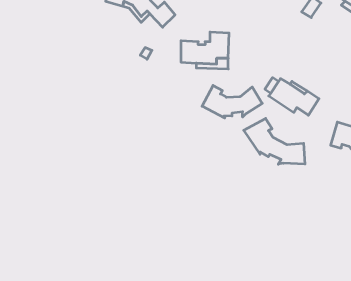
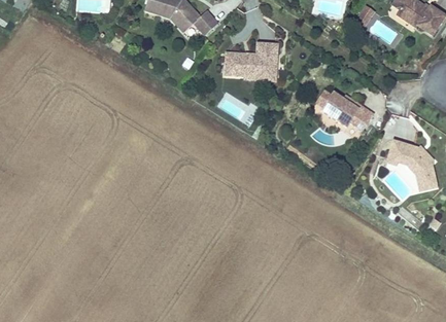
building: [202,85,262,118] -> none
building: [244,118,305,164] -> none

